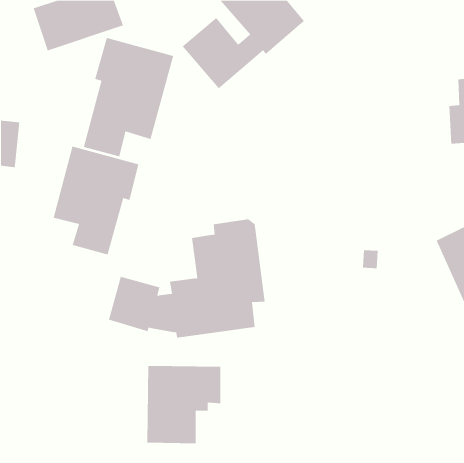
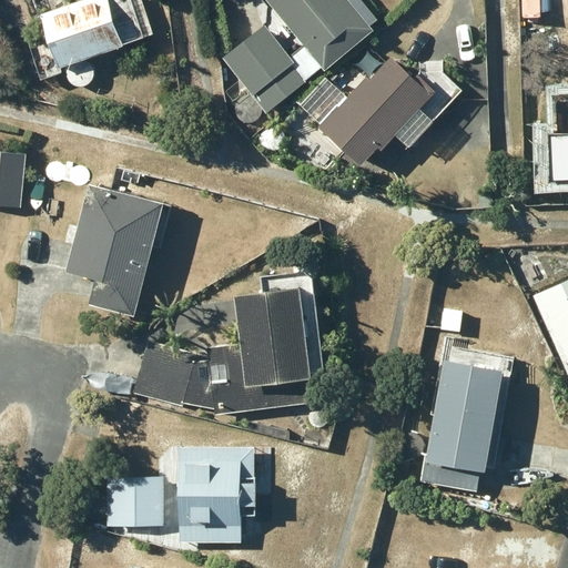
building: [83,37,174,157] -> none
building: none -> [303,55,434,164]
building: none -> [423,359,505,491]
building: none -> [108,477,162,526]

